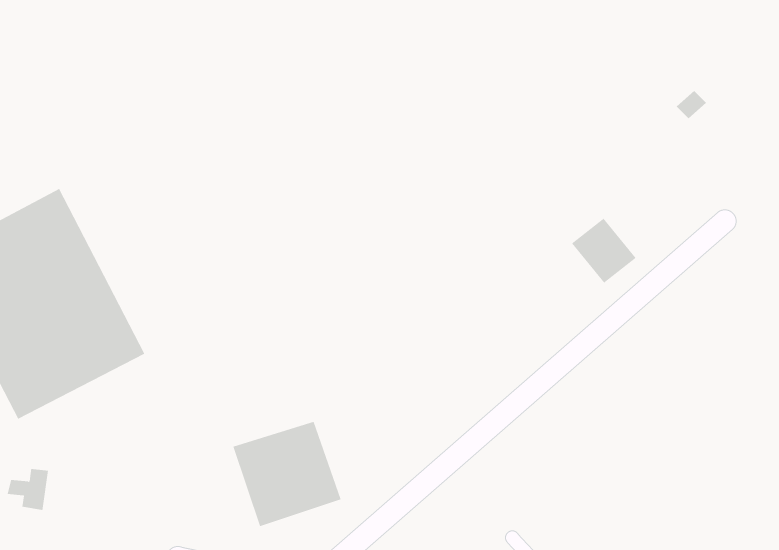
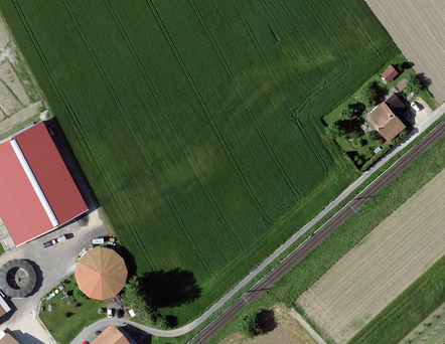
building: [571,218,637,283] -> [368,106,405,142]
building: [232,421,341,527] -> [72,241,133,300]

